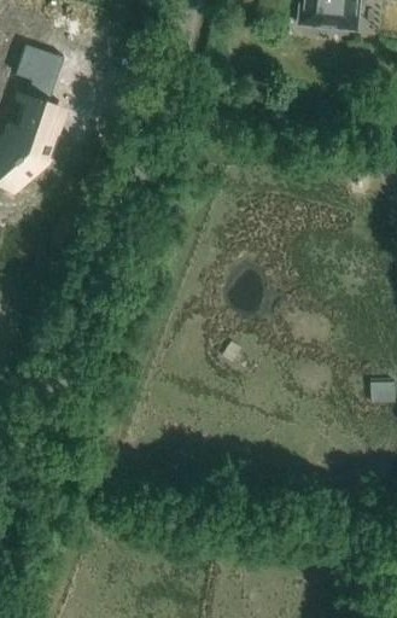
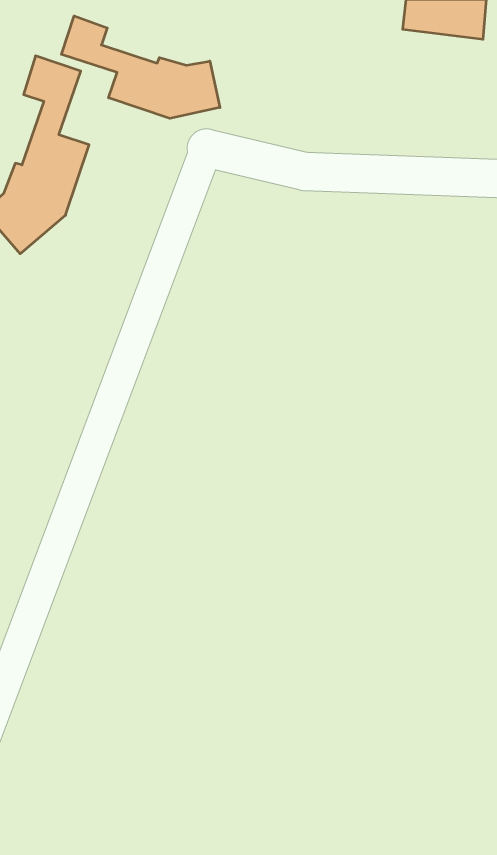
building: none -> [61,16,220,118]

